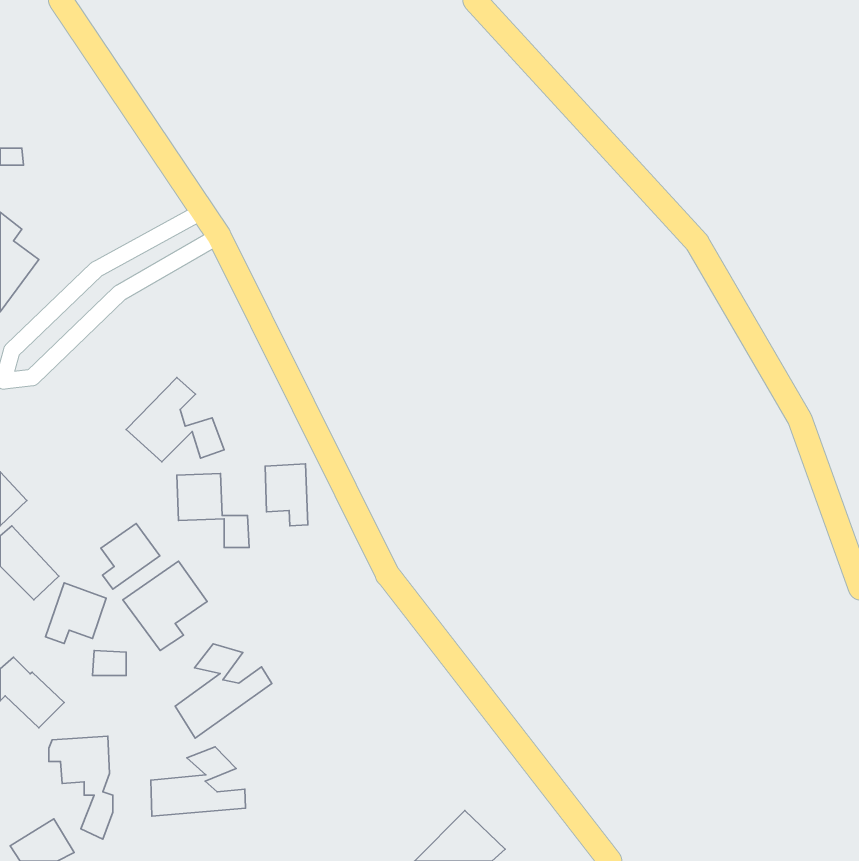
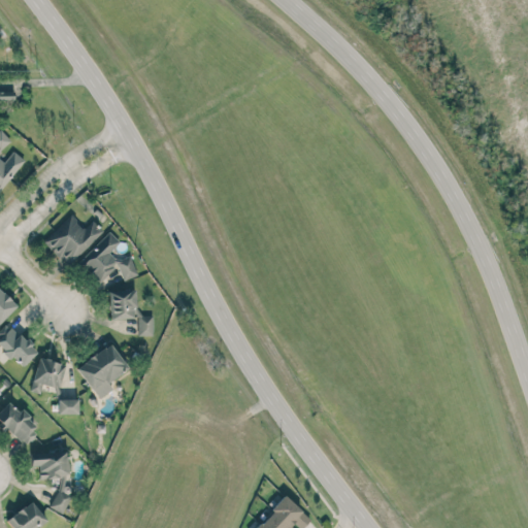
building: none -> [44,214,104,266]
building: [265,464,308,526] -> none
building: [101,524,160,589] -> none
building: [175,644,272,738] -> none
building: [151,747,245,816] -> none

